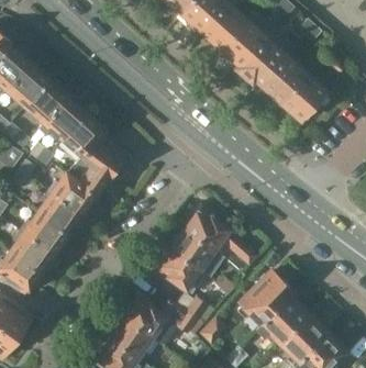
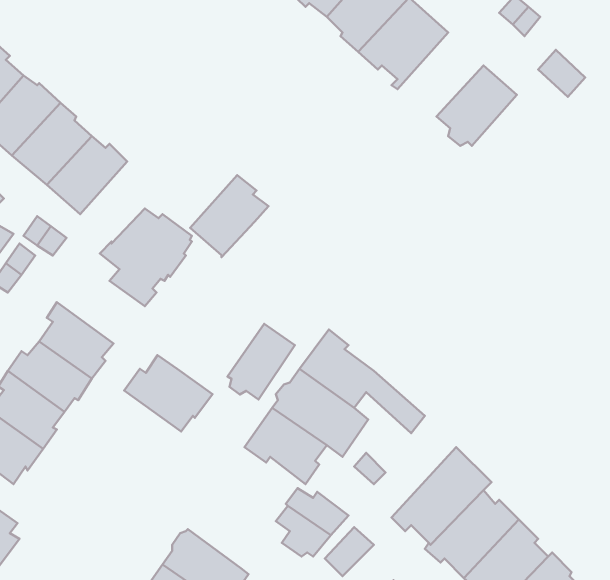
building: [241,38,293,86] -> none
building: [282,74,330,121] -> none
building: [63,111,107,157] -> [190,175,268,257]
building: [49,170,99,213] -> [124,355,212,431]
building: none -> [228,324,295,400]
building: [123,293,169,339] -> none

